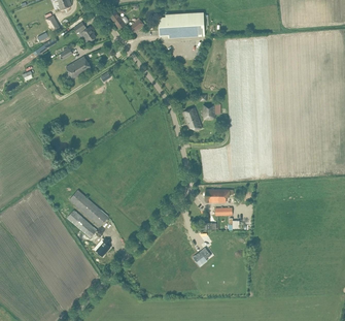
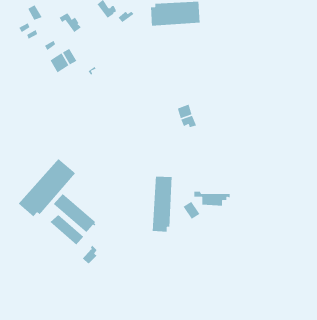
building: none -> [18,158,76,218]
building: none -> [152,176,173,232]

